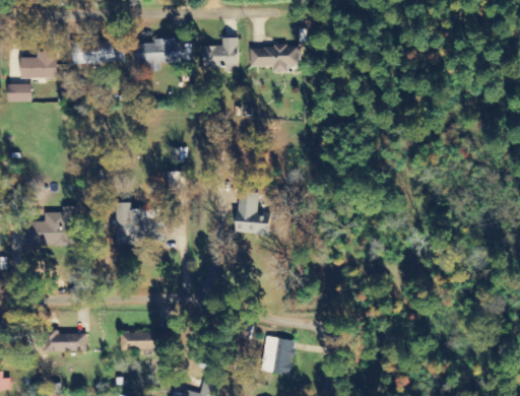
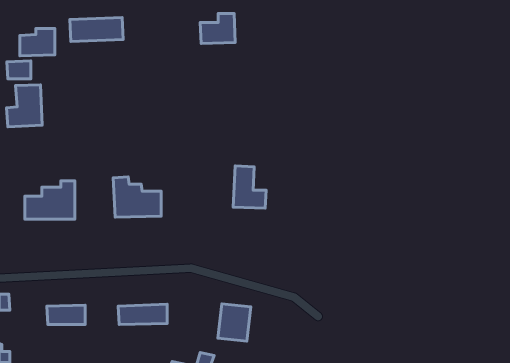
building: [136,39,186,70] -> none
building: [250,46,299,71] -> none
building: none -> [6,85,42,127]
building: [261,336,295,374] -> [218,304,251,341]

